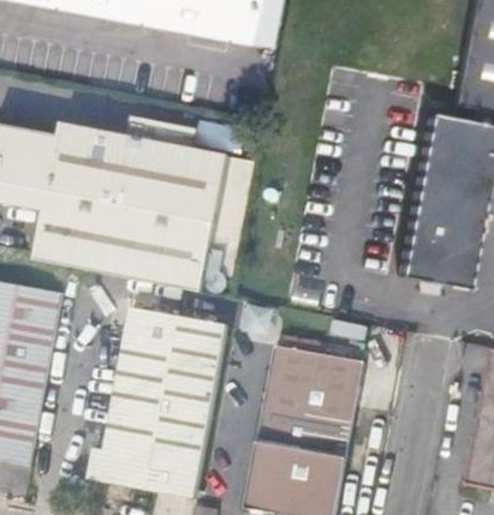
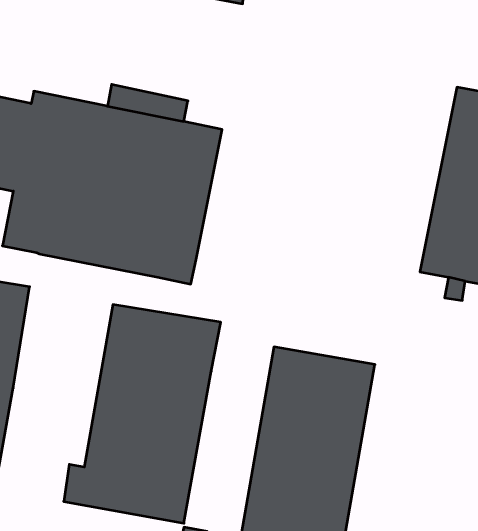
building: [206,154,252,274] -> none

